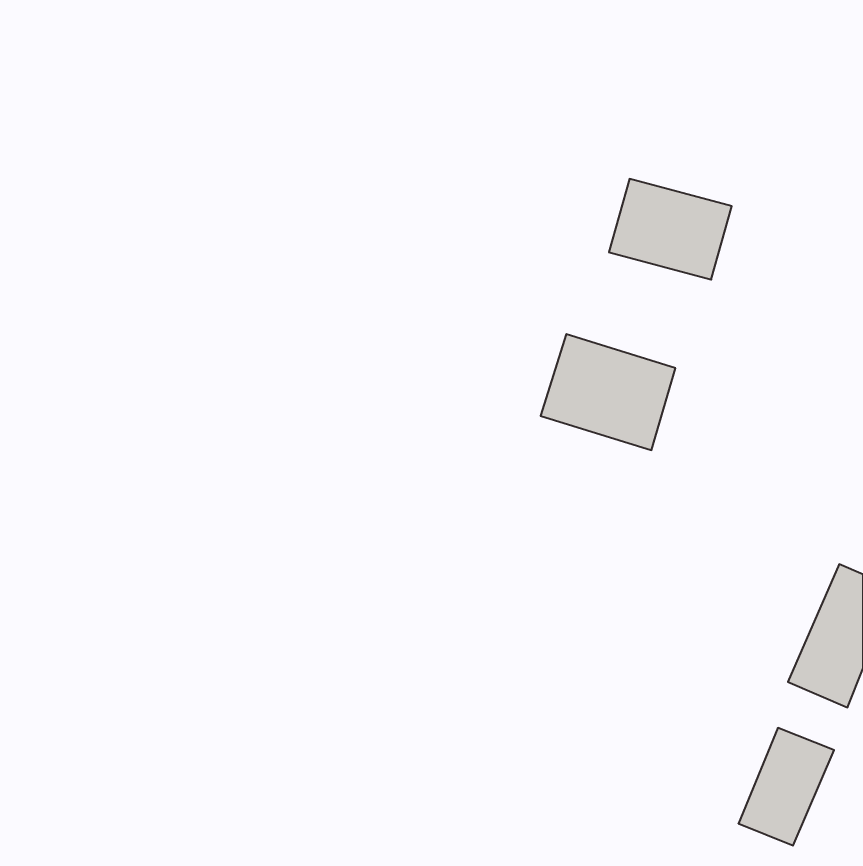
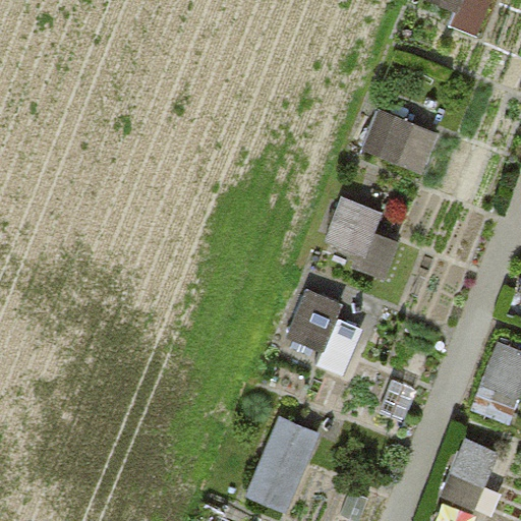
building: none -> [286,294,363,366]
building: none -> [247,415,317,513]

